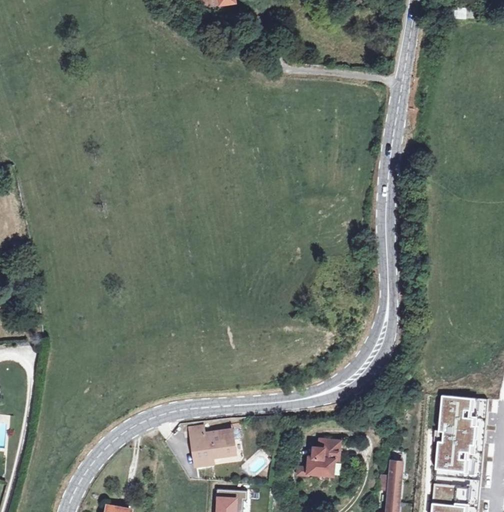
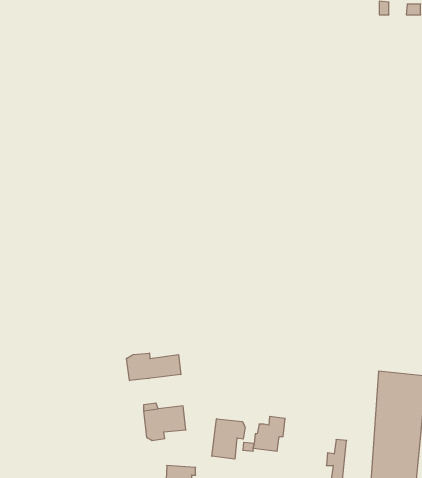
building: none -> [126,353,181,381]
building: none -> [212,419,245,459]

